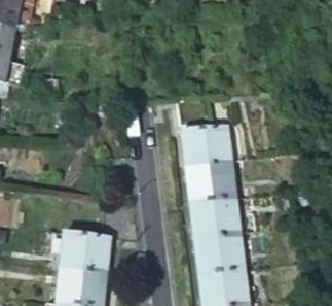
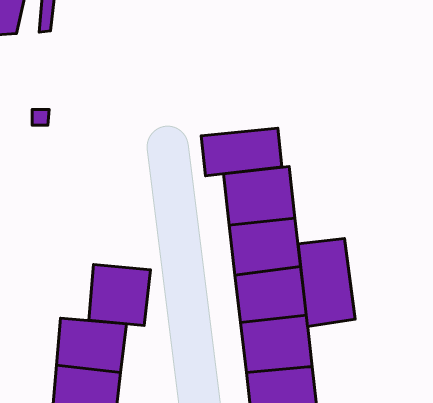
building: none -> [201,128,282,176]
building: none -> [298,238,355,326]
building: none -> [89,265,151,326]

